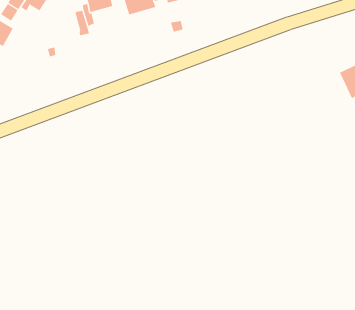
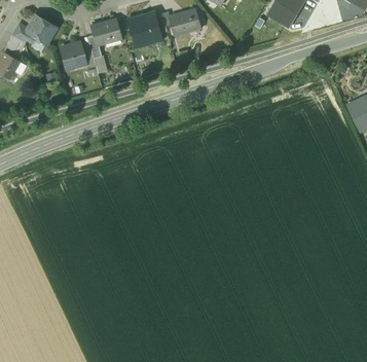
building: none -> [61,42,86,66]

